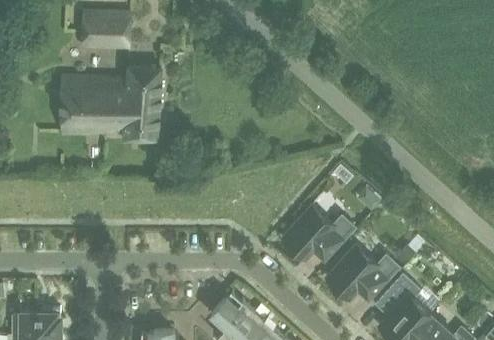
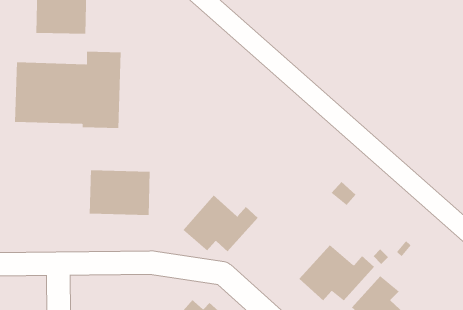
building: none -> [89,170,150,216]
building: [282,204,353,258] -> [182,194,259,252]

